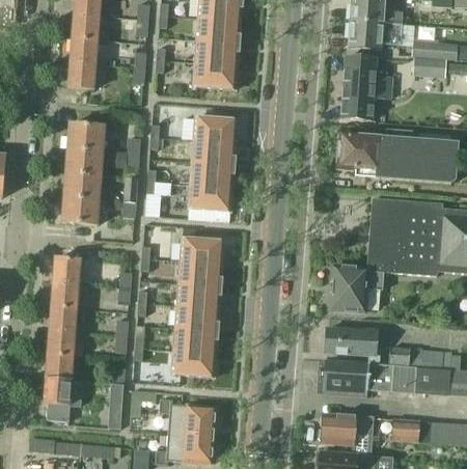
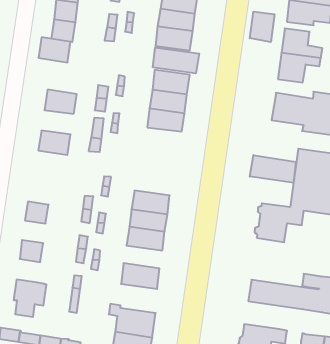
building: none -> [250,12,275,42]
building: none -> [153,47,199,73]
building: [67,122,105,150] -> [38,37,71,62]
building: [63,172,101,199] -> none
building: [188,185,231,211] -> none
building: none -> [250,155,296,183]
building: [180,238,224,265] -> none
building: [53,257,80,285] -> none
building: [49,306,76,332] -> none
building: [325,327,381,361] -> none
building: [172,328,218,353] -> none
building: [46,353,73,380] -> none

